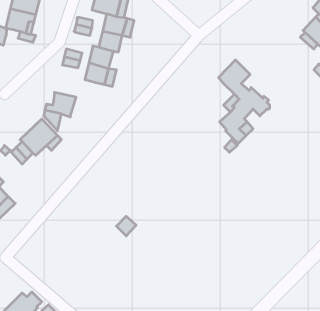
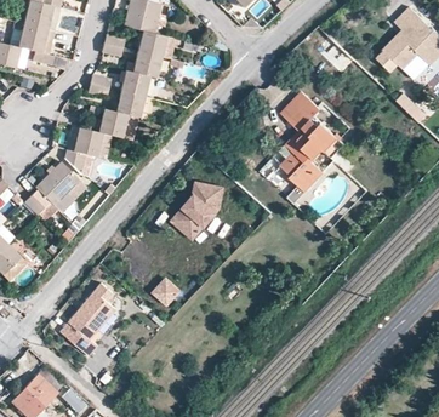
building: none -> [76,108,127,138]
building: none -> [171,184,220,239]
building: none -> [62,280,118,352]

